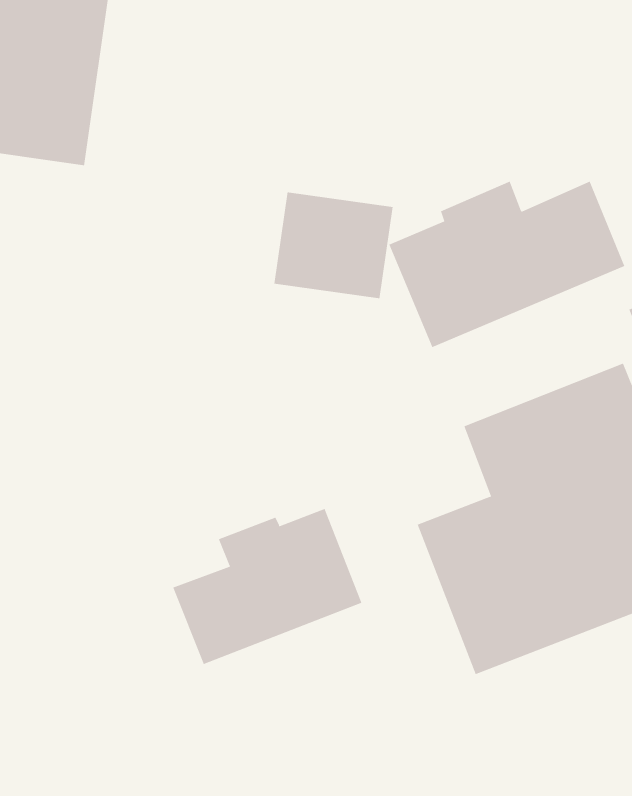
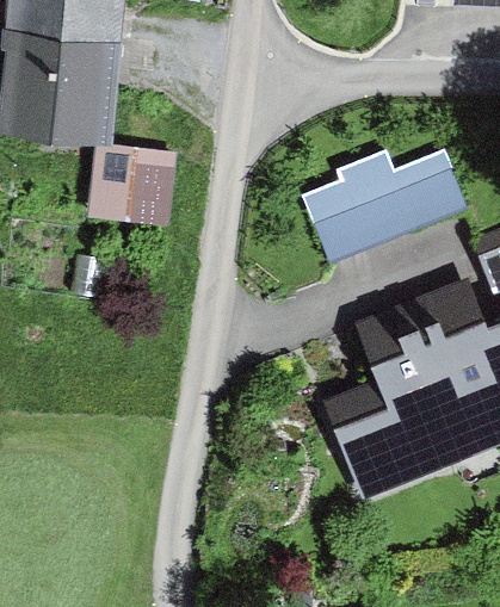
building: [274,192,394,299] -> [81,141,167,217]
building: [173,508,362,665] -> none

